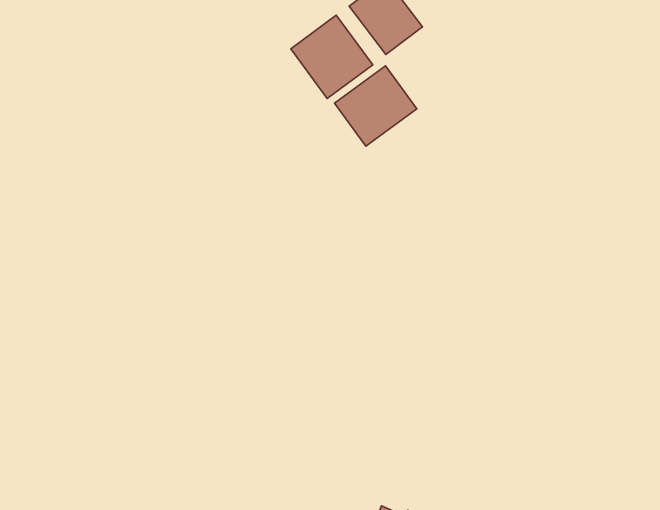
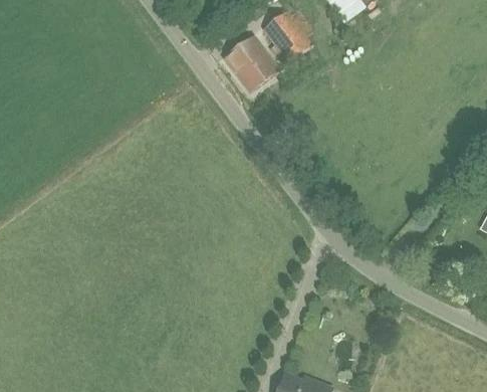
building: [334,66,417,146] -> none

